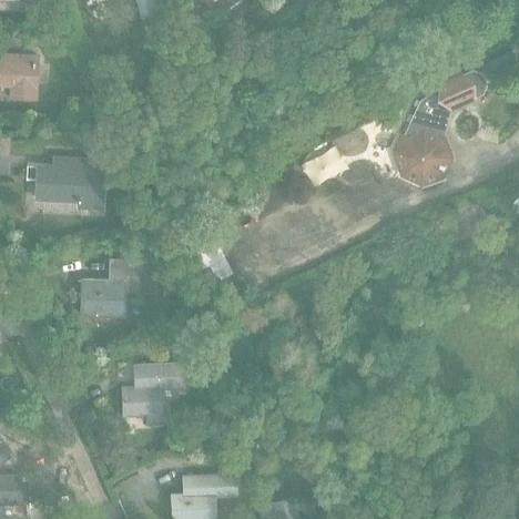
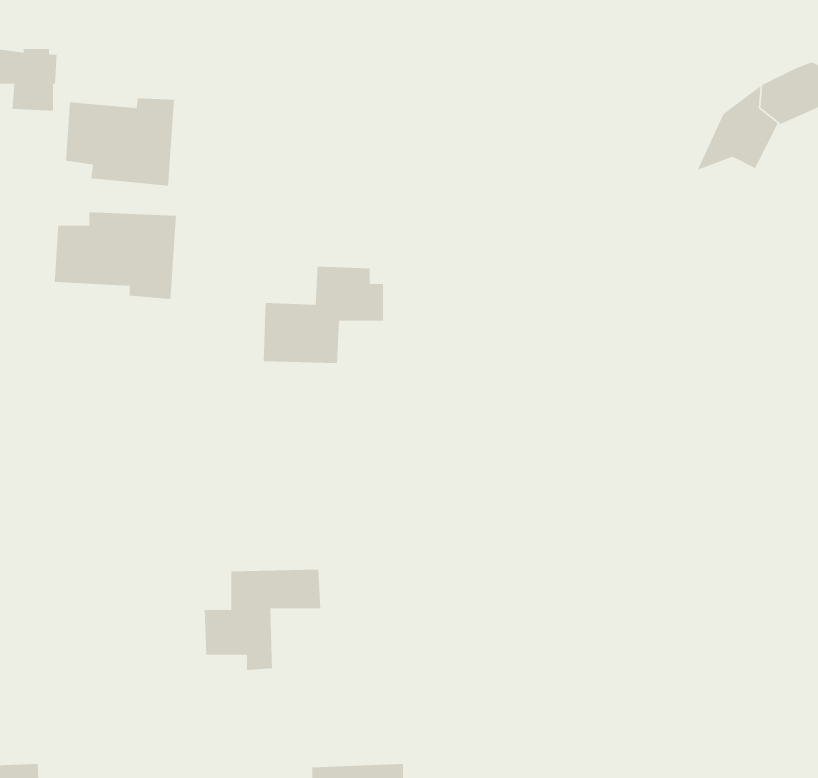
building: none -> [65,98,175,186]
building: [394,128,452,186] -> none
building: [79,261,149,317] -> [263,266,384,364]

